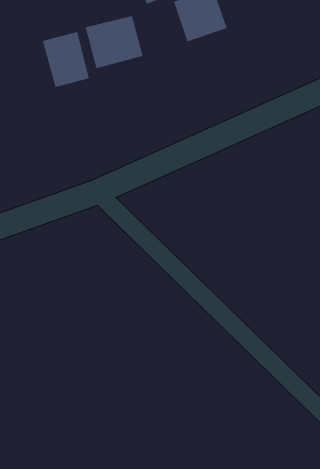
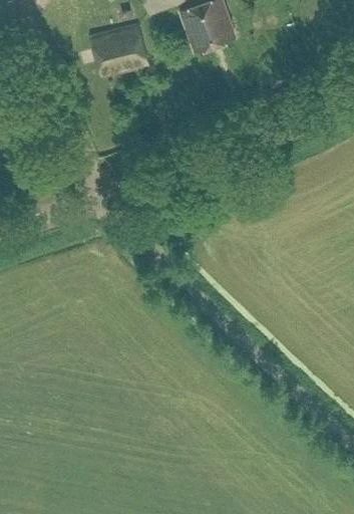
building: [42,31,89,88] -> none

